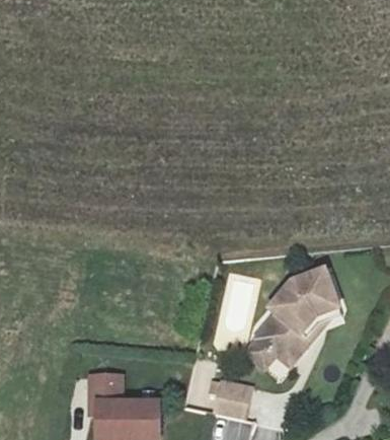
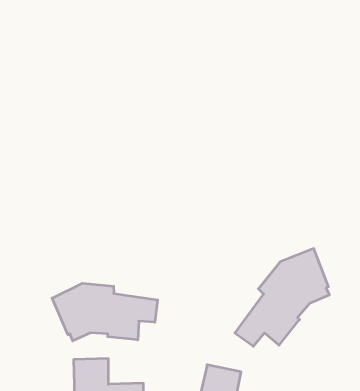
building: none -> [52,283,158,341]

